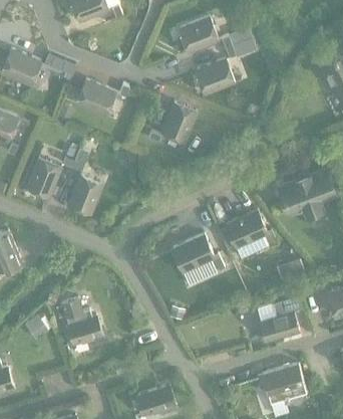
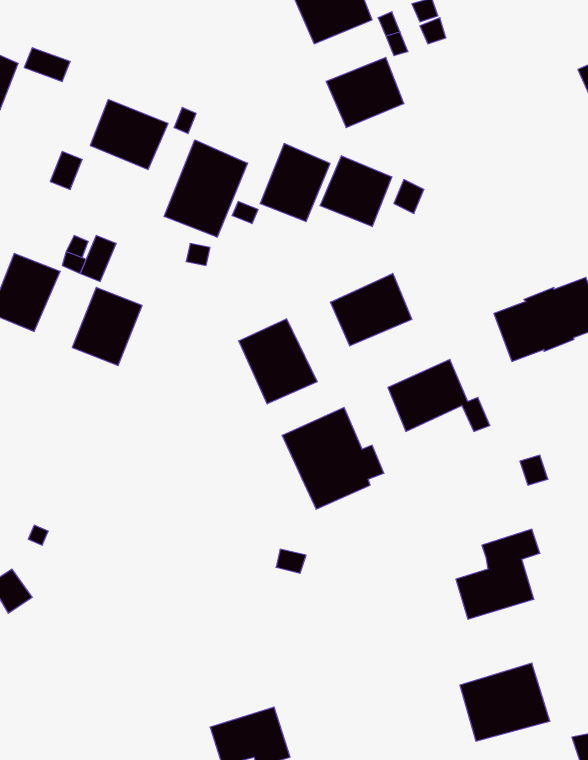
building: none -> [164,140,248,237]
building: none -> [320,156,392,227]
building: none -> [331,273,412,346]
building: none -> [239,319,317,404]
building: [59,297,102,345] -> none

